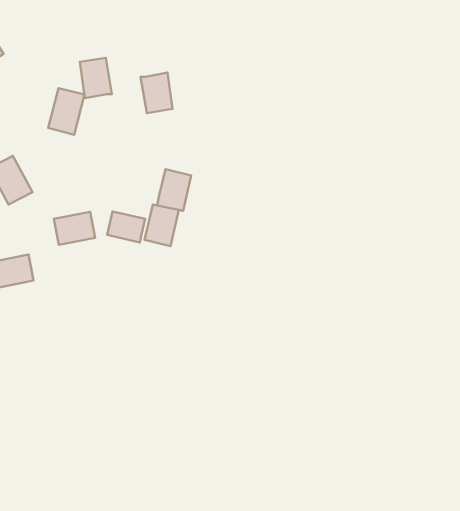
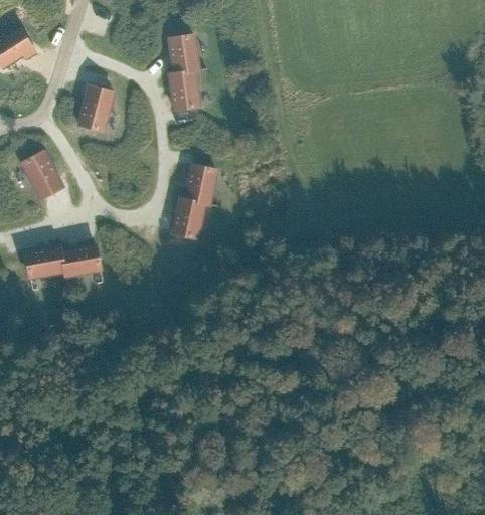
building: [80,58,112,98] -> [168,36,199,75]
building: [107,211,145,242] -> none
building: [54,212,95,245] -> [60,245,101,278]

